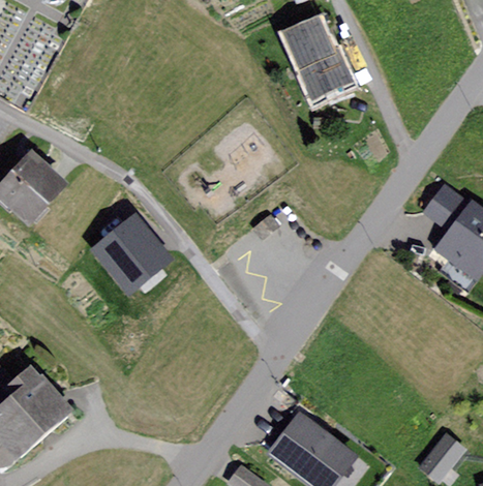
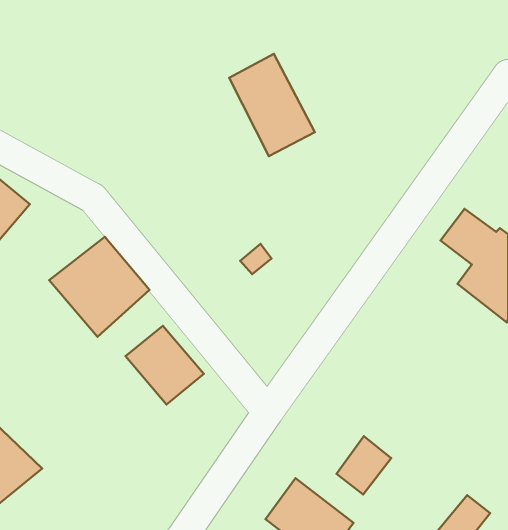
building: [282,18,356,105] -> [229,54,315,156]
building: none -> [126,326,204,404]
building: none -> [336,436,391,494]

